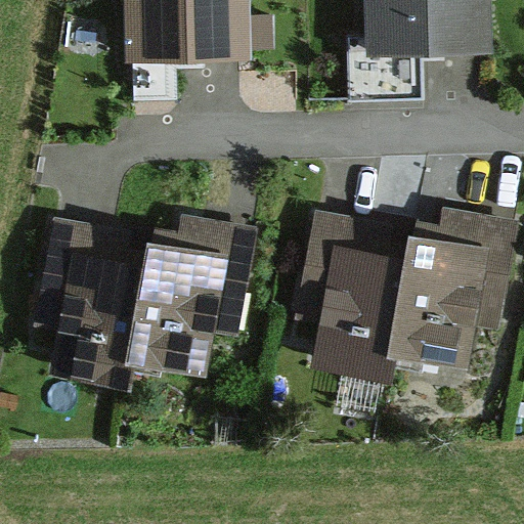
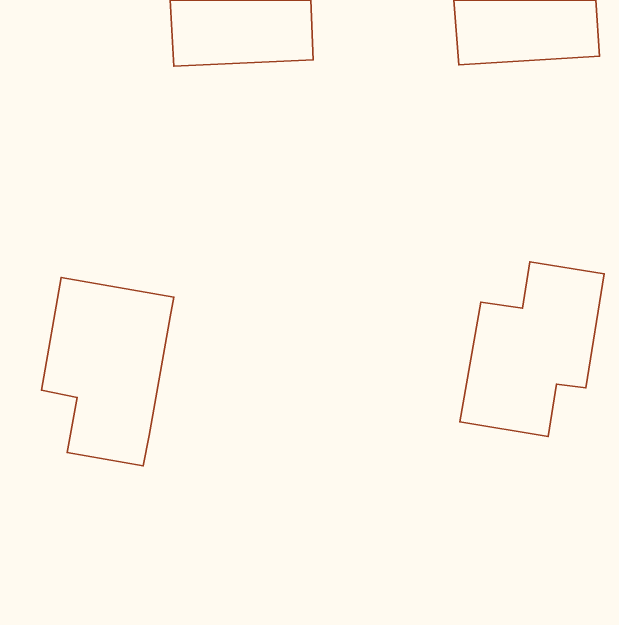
building: [300,223,404,382] -> none
building: [125,225,243,377] -> none

